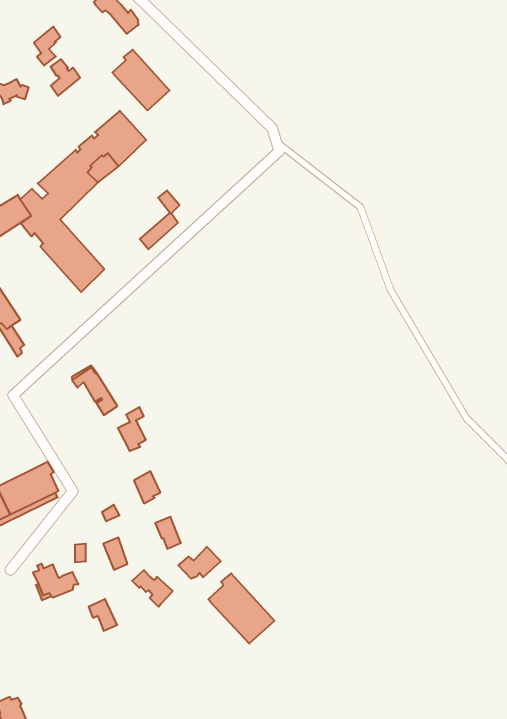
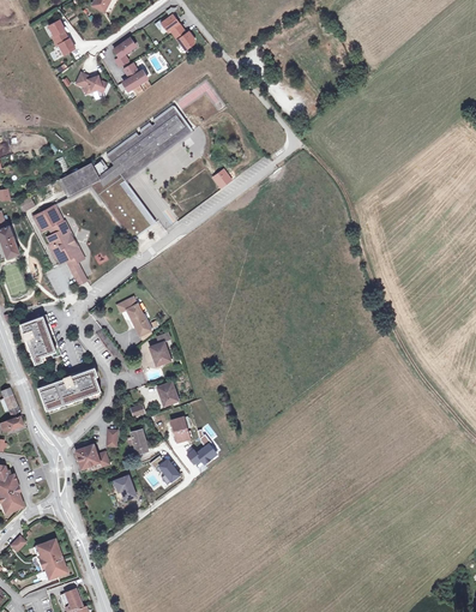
building: [112,50,170,110] -> none
building: [208,573,274,644] -> none

